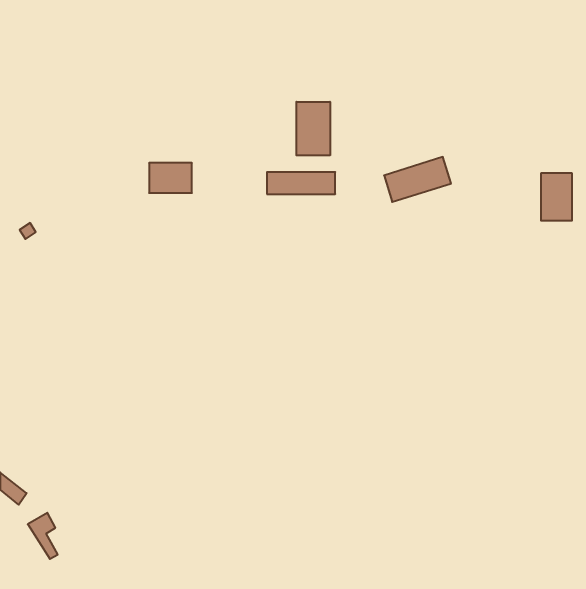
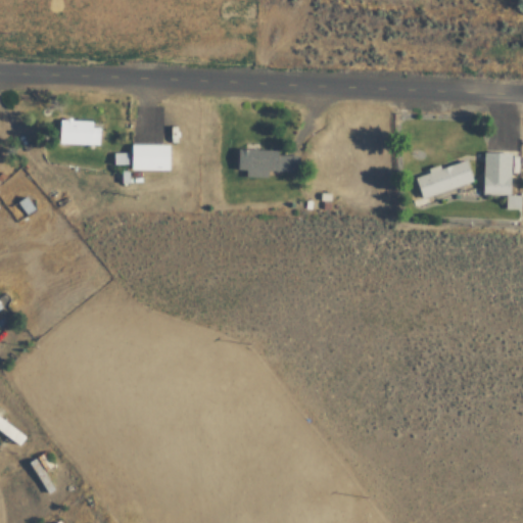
building: [296,102,330,155] -> none
building: none -> [66,120,103,145]
building: [384,157,451,202] -> [412,159,471,199]

